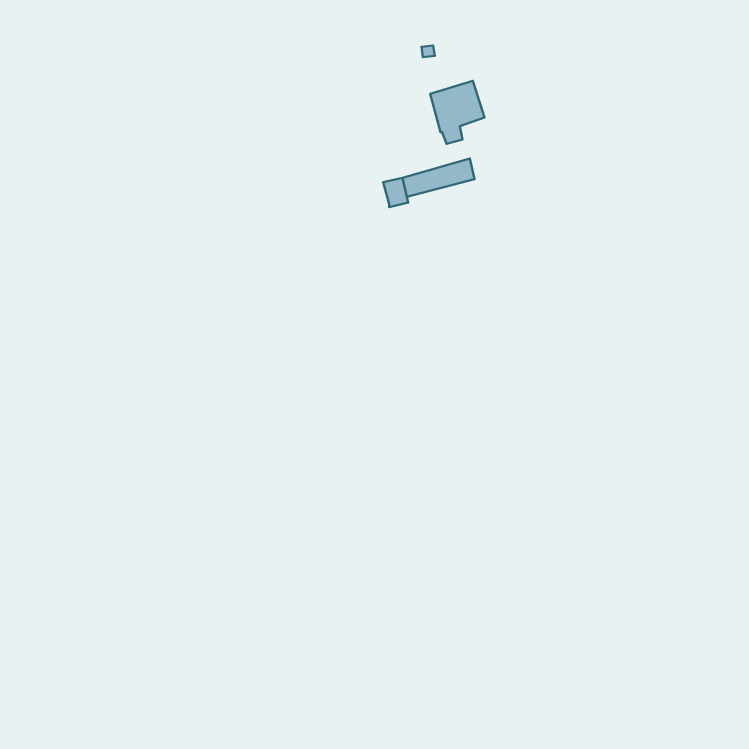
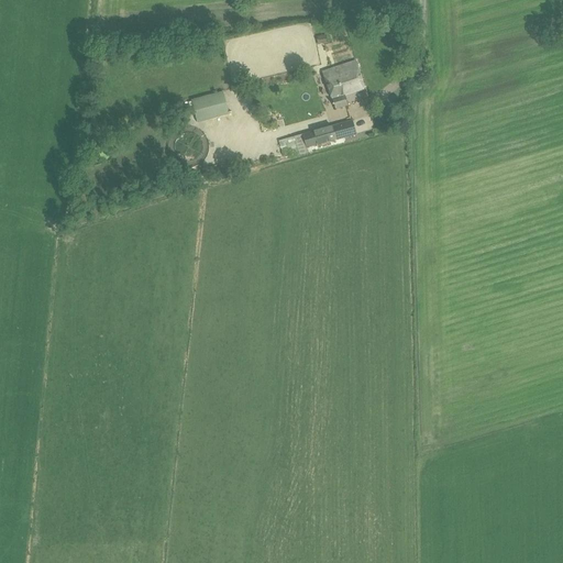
building: none -> [190,91,227,121]

